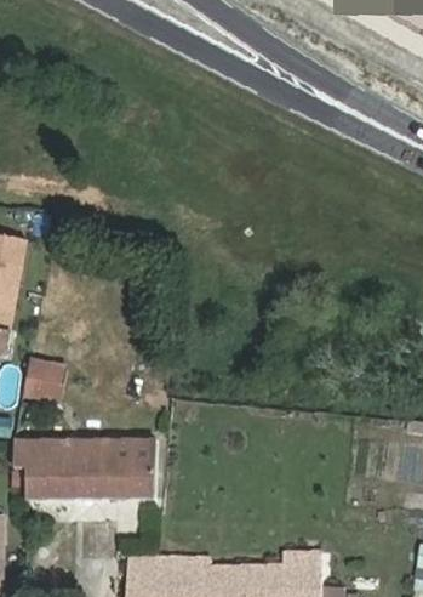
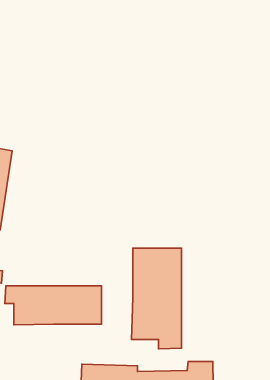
building: [25,360,64,399] -> none
building: none -> [132,248,181,349]

